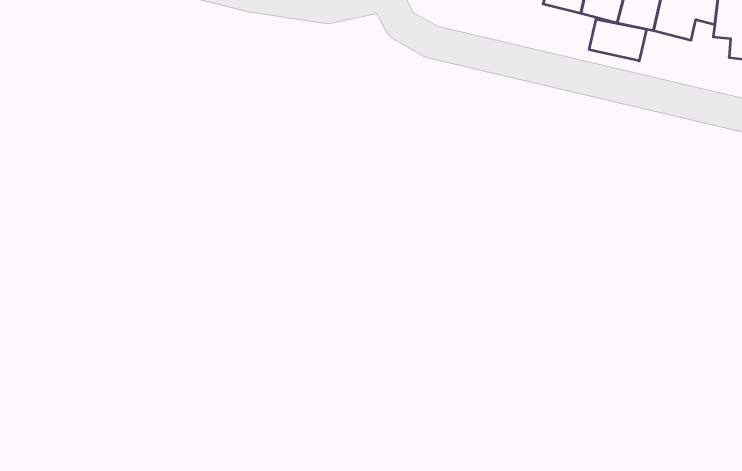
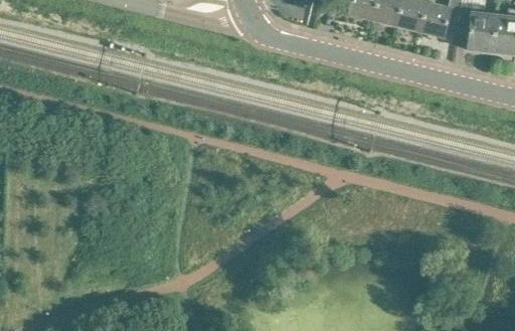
building: [589,19,647,61] -> none

